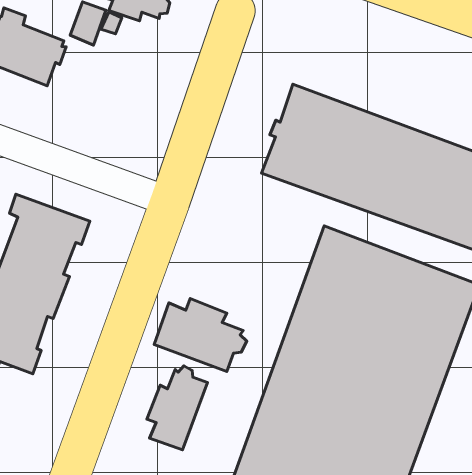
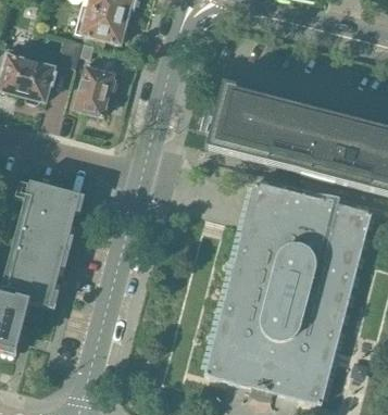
building: none -> [74,61,114,113]
building: [154,298,247,371] -> none
building: [147,366,207,450] -> none

